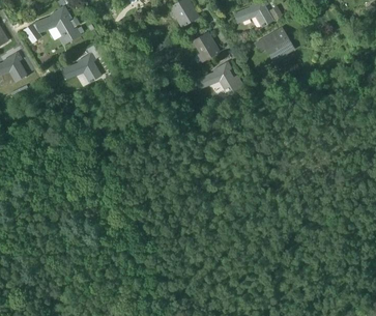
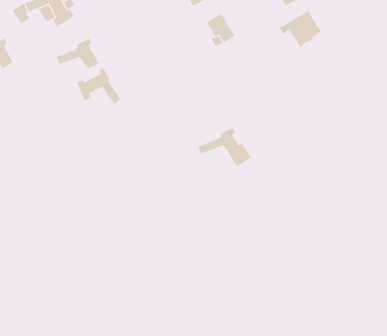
building: [196,62,243,97] -> [197,127,252,167]
building: none -> [76,67,121,105]

